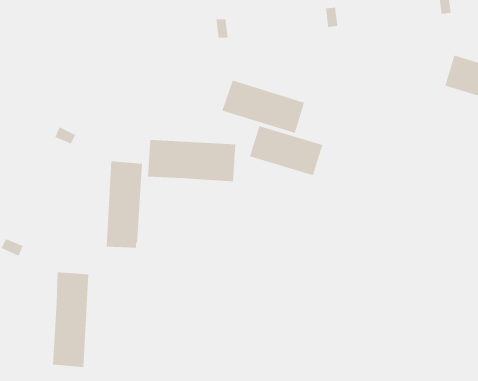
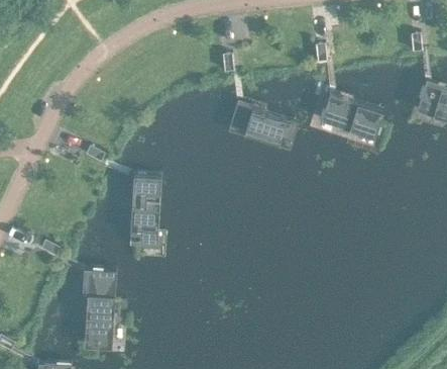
building: [249,126,323,176] -> [320,95,382,137]
building: [148,139,236,182] -> none

